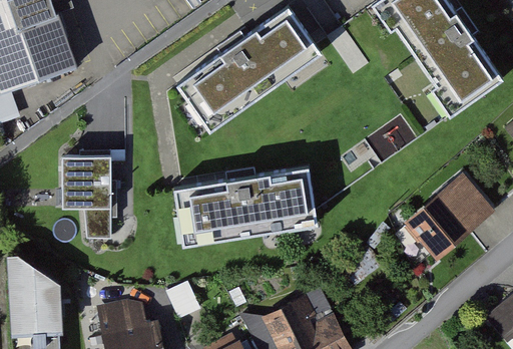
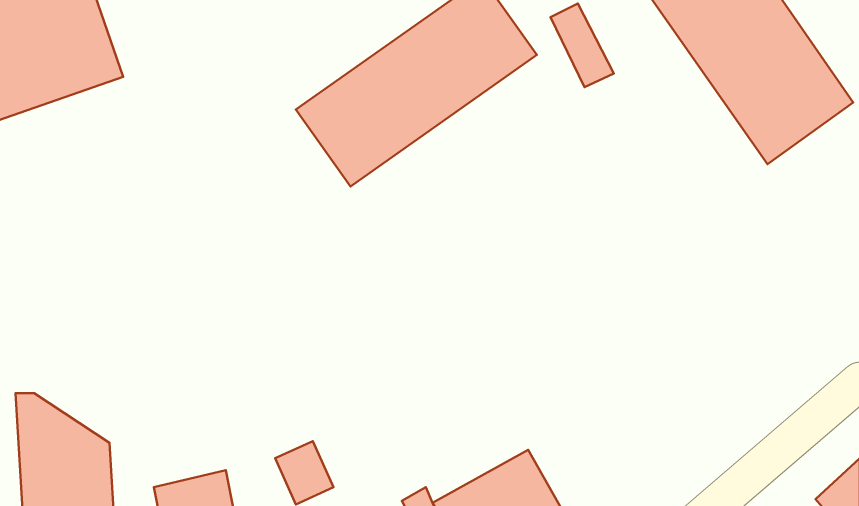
building: [60,159,112,236] -> none
building: [173,169,315,247] -> none
building: [401,170,493,260] -> none

